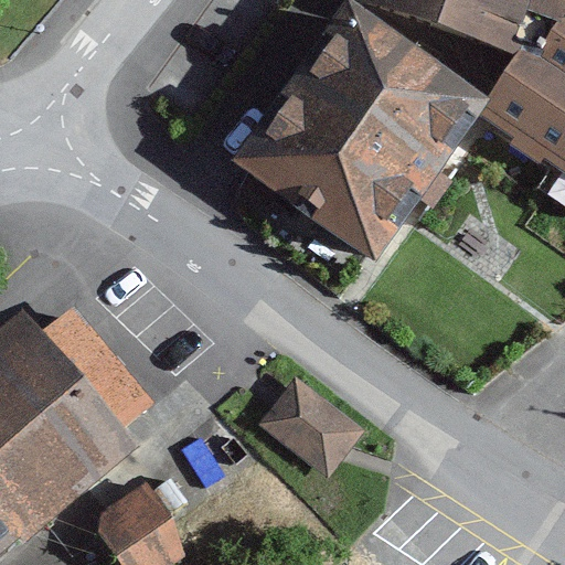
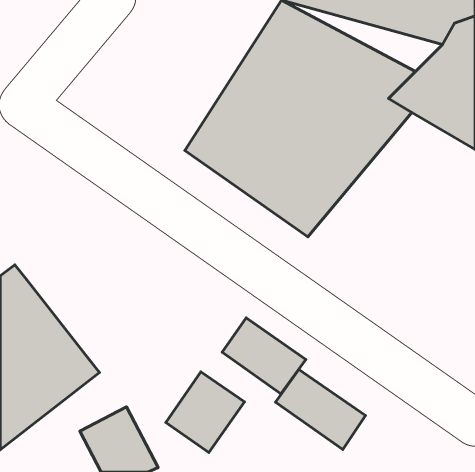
building: [32,302,146,427] -> none
building: none -> [276,369,365,449]
building: none -> [166,372,244,453]

